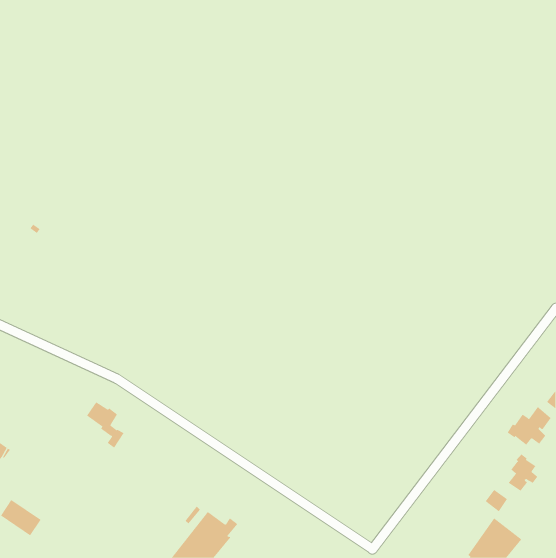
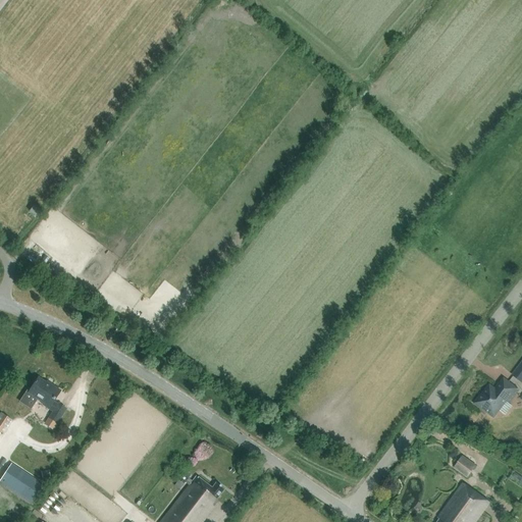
building: [86,401,124,448] -> [28,380,63,424]
building: [508,454,538,492] -> none

